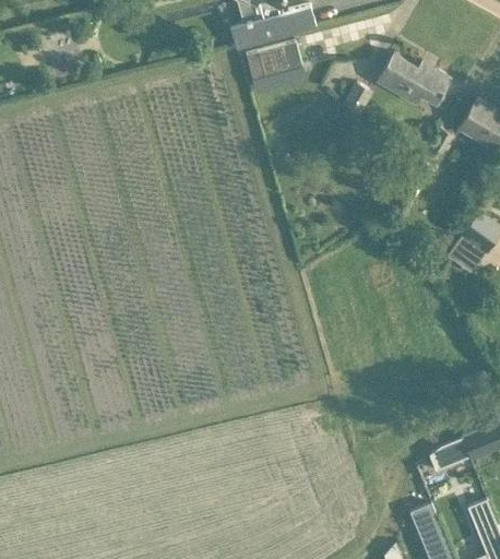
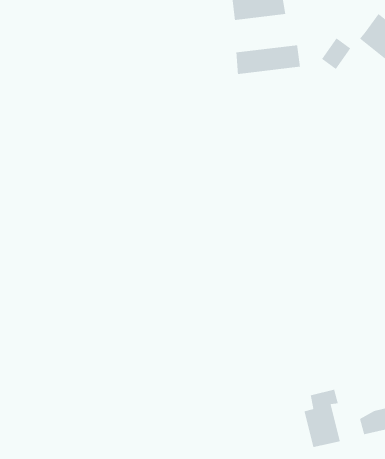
building: none -> [236,45,300,75]
building: none -> [304,389,340,448]

